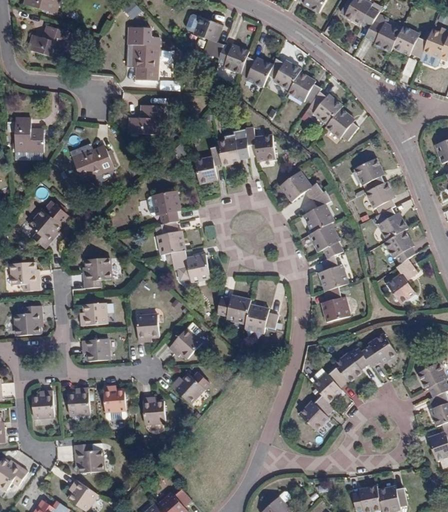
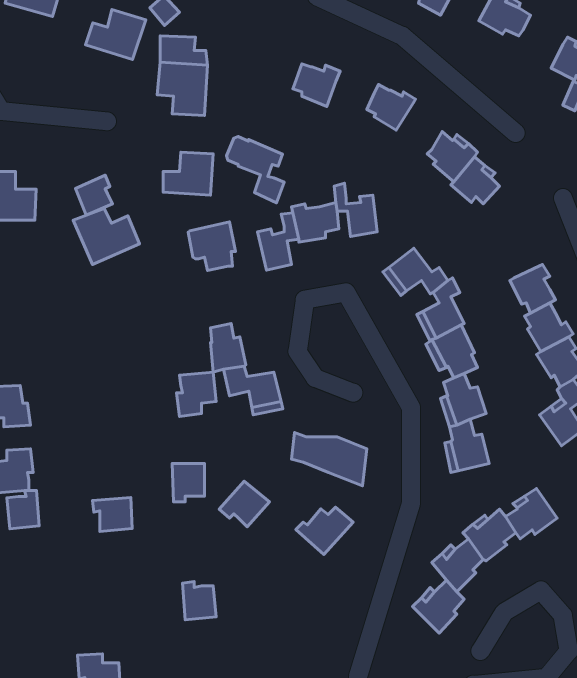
building: [185,13,224,58] -> [226,137,284,203]
building: [365,21,401,51] -> none
building: [28,24,69,58] -> [85,9,146,60]
building: [241,56,273,86] -> none
building: [287,70,321,102] -> none
building: none -> [75,175,113,215]
building: [354,157,385,189] -> none
building: [149,190,181,223] -> [188,222,235,271]
building: [26,202,66,248] -> none
building: [83,258,110,288] -> [176,372,216,416]
building: [80,302,106,323] -> none
building: [172,371,211,403] -> [296,507,353,554]
building: [105,386,128,411] -> none
building: [68,388,91,414] -> none
building: [32,391,54,417] -> [7,490,39,529]

